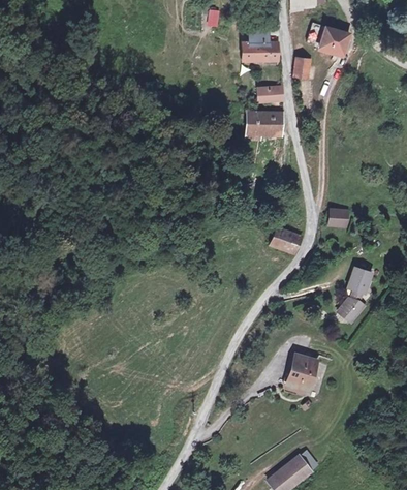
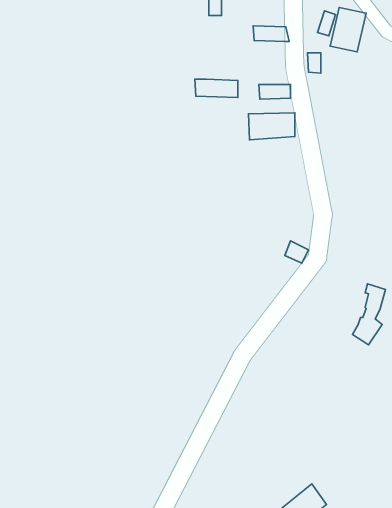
building: [238,48,277,64] -> [195,79,238,97]
building: [326,207,348,225] -> none
building: [288,356,319,390] -> none

